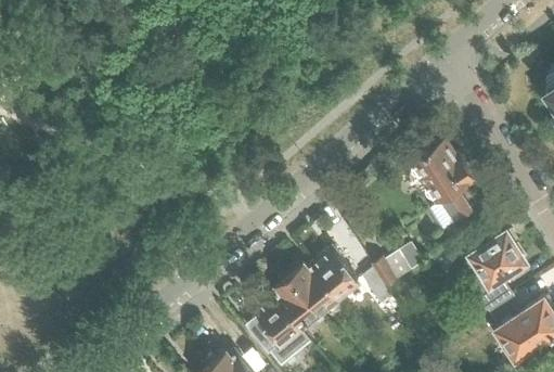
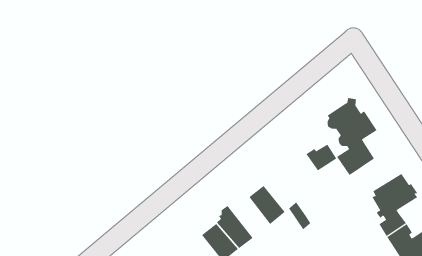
building: [372,252,412,286] -> [305,144,337,171]
building: [287,262,340,313] -> none

